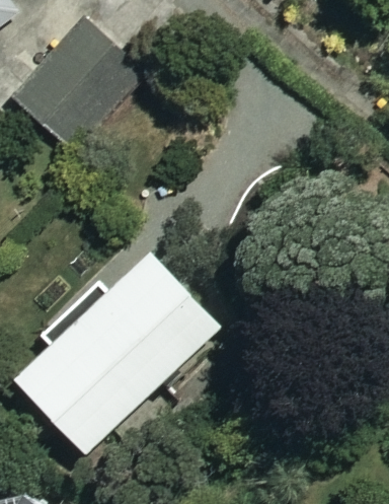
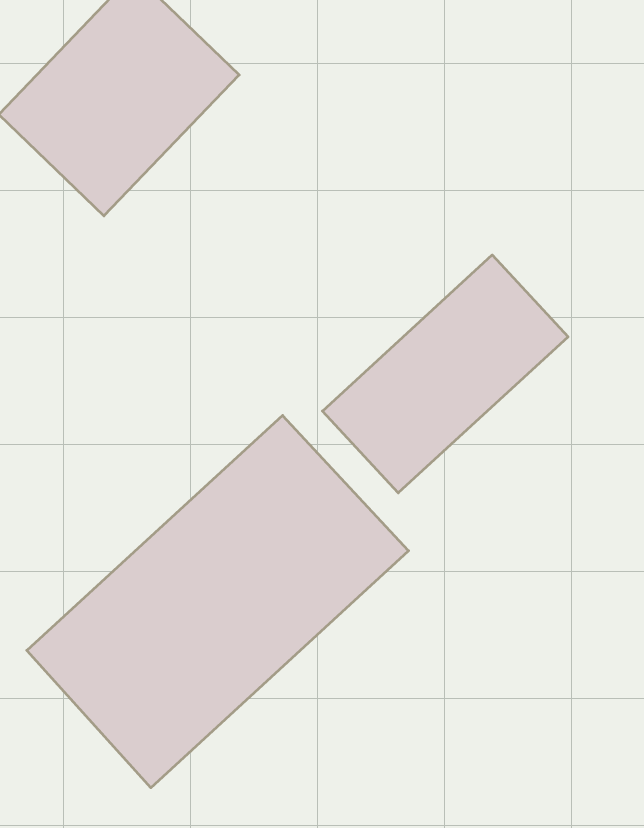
building: none -> [322,255,568,493]

